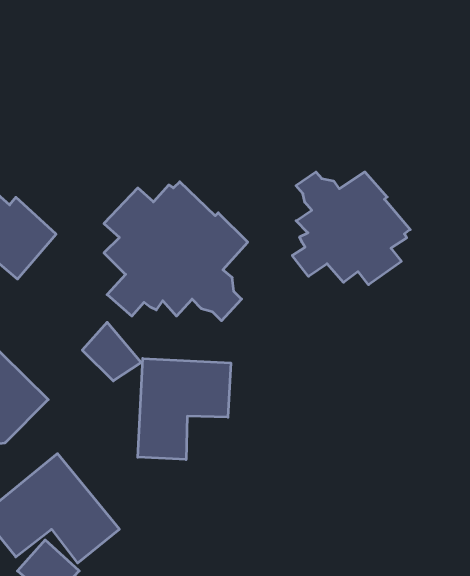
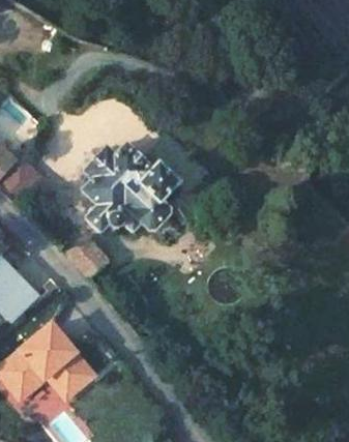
building: [292,172,410,285] -> none
building: [138,358,231,460] -> none

